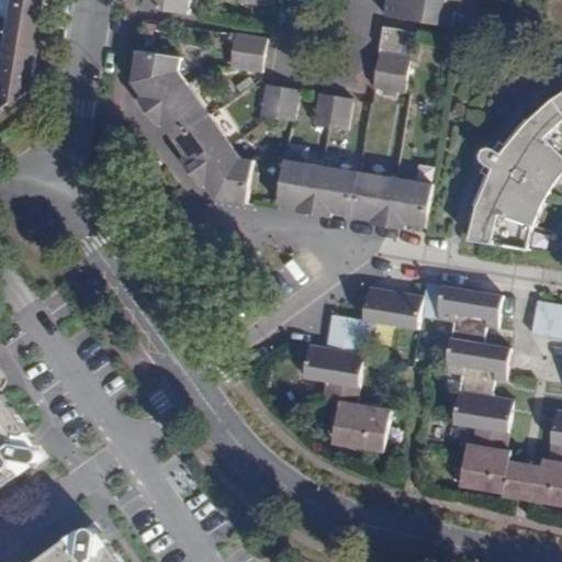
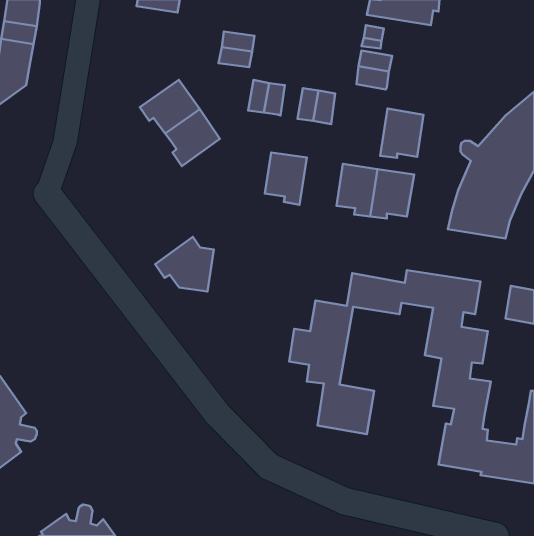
building: [131,50,187,112] -> none
building: [190,145,251,202] -> [155,237,214,292]
building: [313,165,358,216] -> [380,108,423,158]

